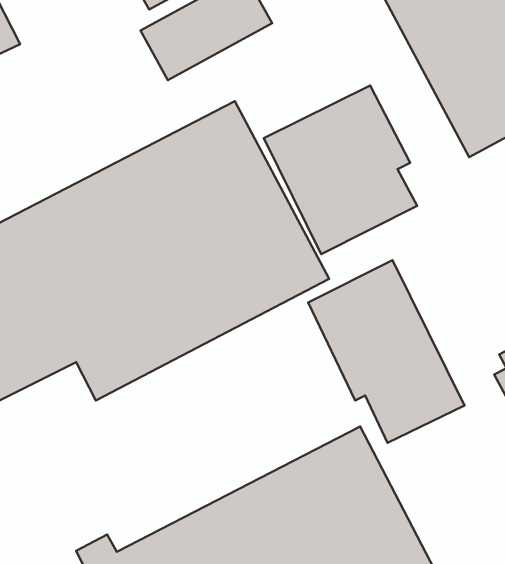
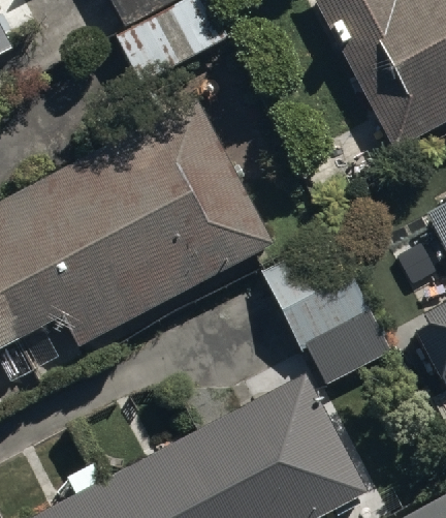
building: [264,86,417,254] -> none

